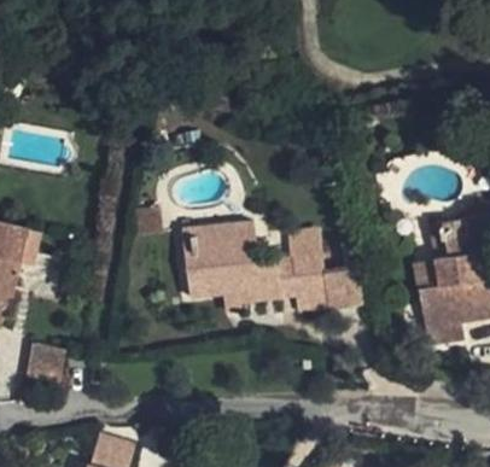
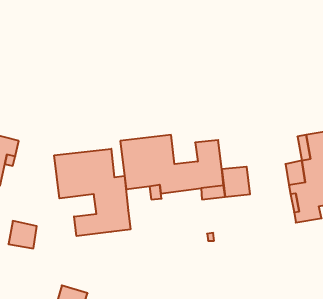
building: none -> [54,149,130,236]

